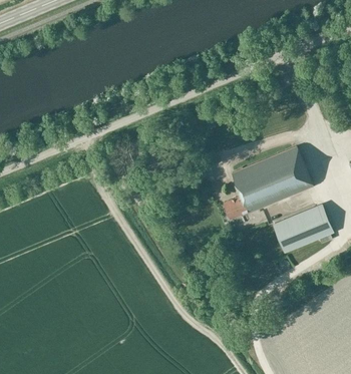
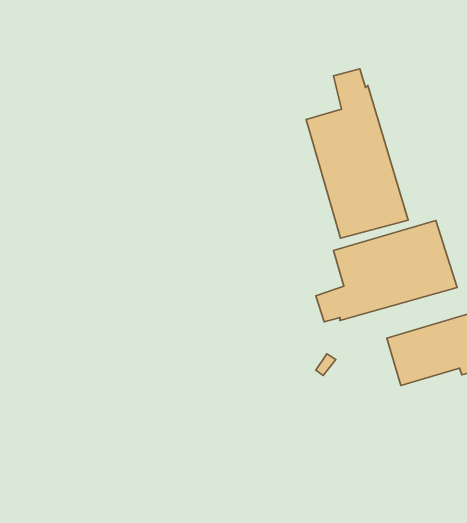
building: none -> [306,69,408,238]

